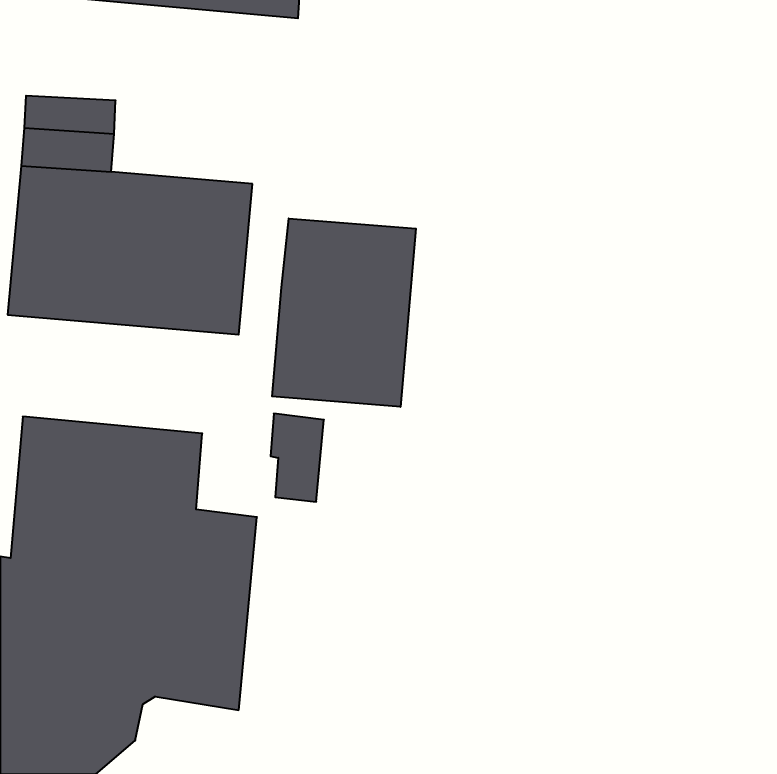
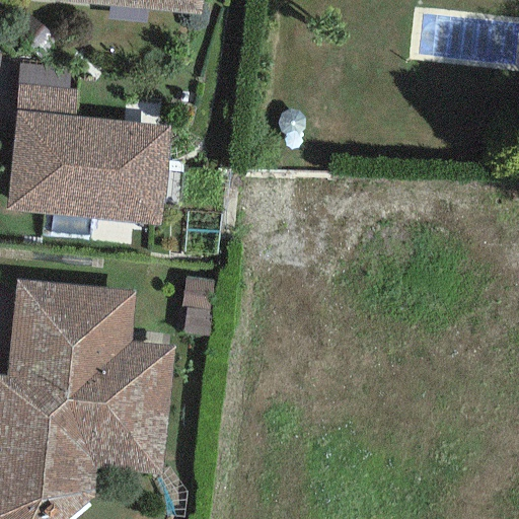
building: [272,218,416,407] -> none

